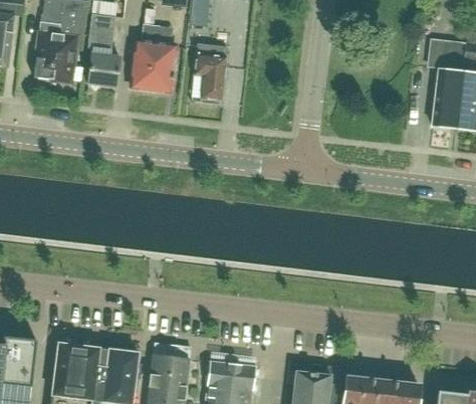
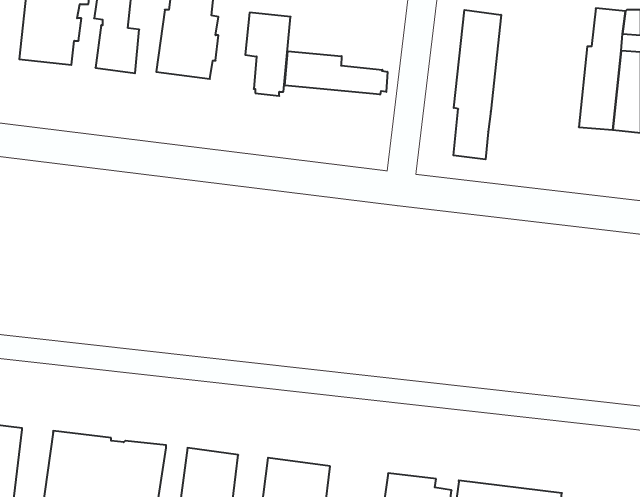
building: none -> [453,10,501,159]
building: none -> [285,51,387,95]

